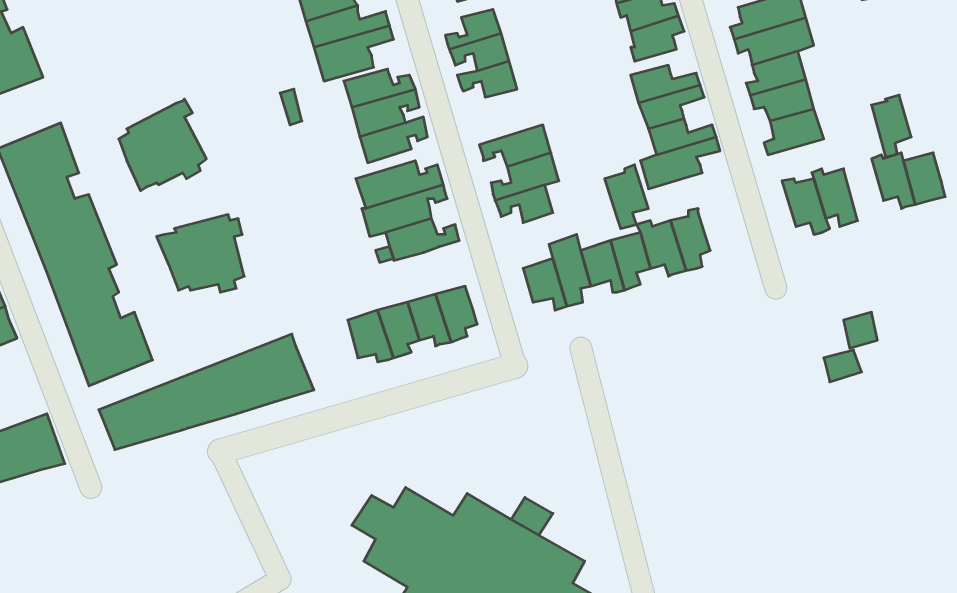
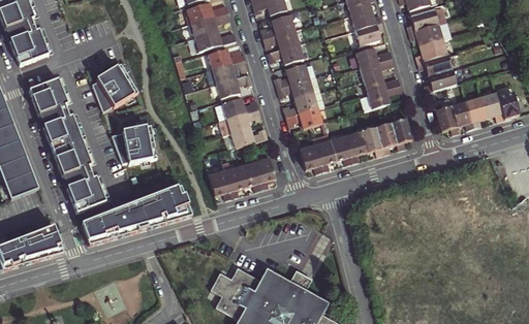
building: none -> [274,62,310,88]
building: [871,95,911,157] -> [466,95,487,127]
building: [605,165,648,229] -> [391,116,413,149]

